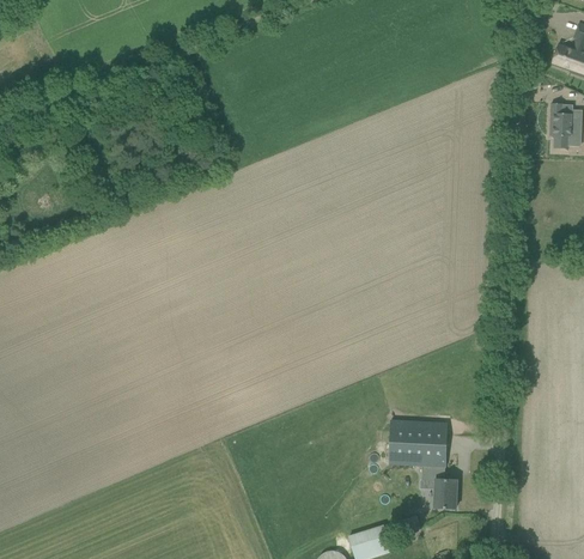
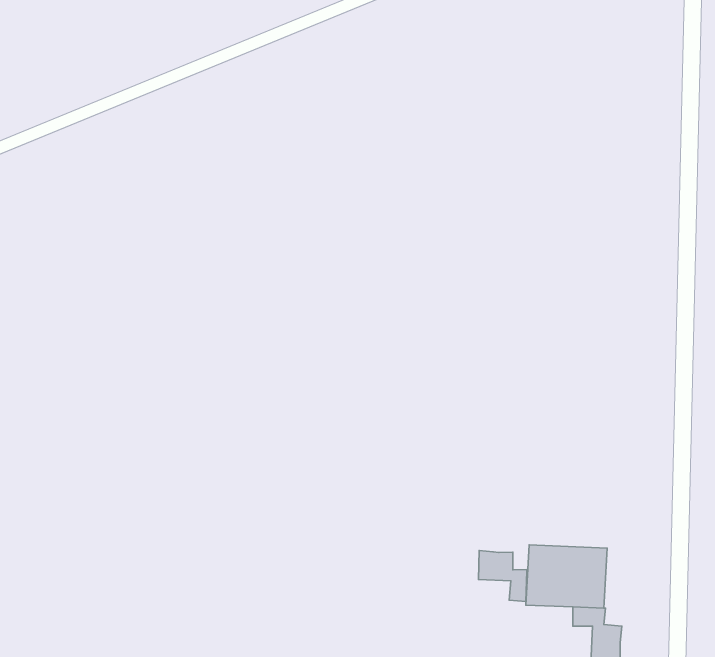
building: none -> [478,551,527,602]

